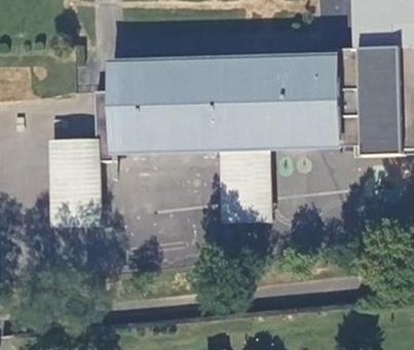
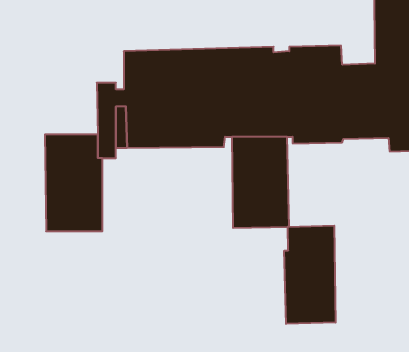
building: none -> [284,226,336,324]

